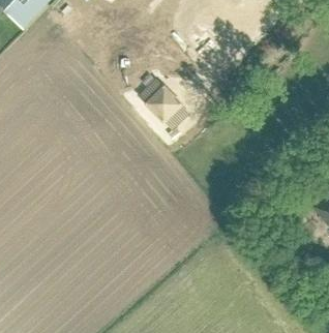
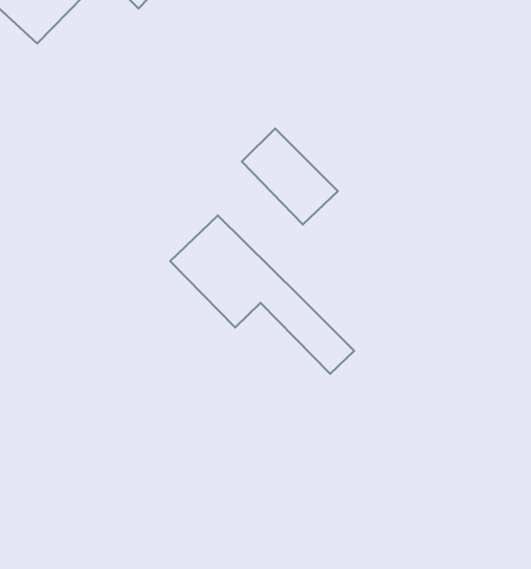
building: none -> [170,216,354,374]

